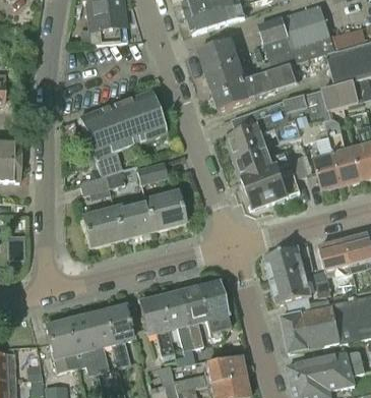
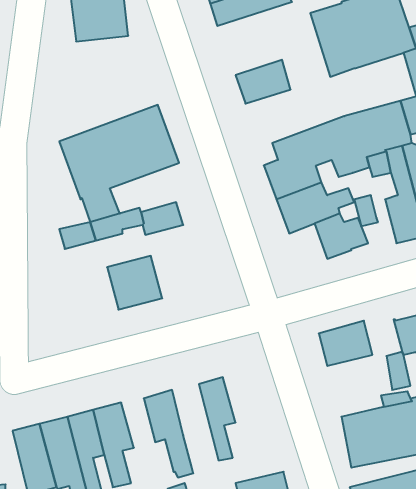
building: [199,38,239,69] -> none
building: [212,64,296,110] -> none
building: [244,176,271,209] -> none
building: [144,190,184,230] -> none
building: [81,208,121,246] -> none
building: [271,271,311,303] -> none
building: [196,281,230,343] -> none
building: [160,292,195,362] -> none

